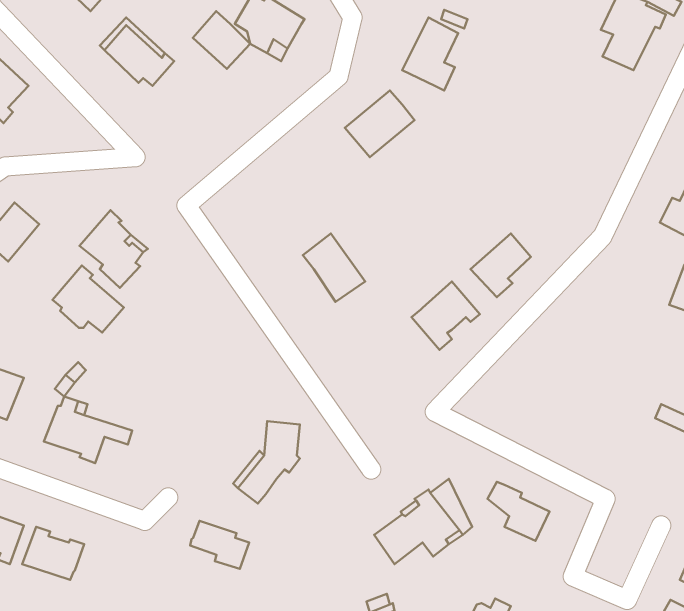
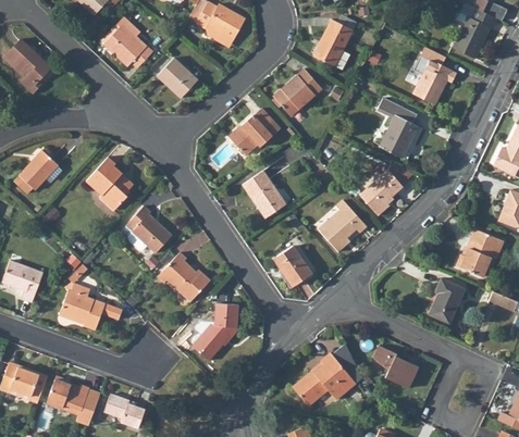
building: [193,11,250,69] -> [157,58,197,98]
building: none -> [417,59,456,102]
building: none -> [378,97,418,157]
building: none -> [227,109,279,155]
building: [52,266,124,332] -> [123,205,173,252]
building: none -> [457,228,503,276]
building: none -> [274,247,312,287]
building: none -> [159,252,211,300]
building: none -> [430,278,465,322]
building: [190,521,249,569] -> [103,394,145,427]

